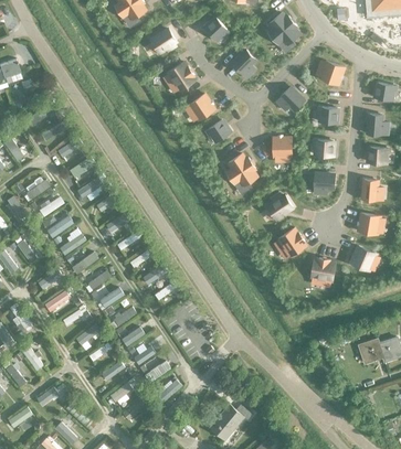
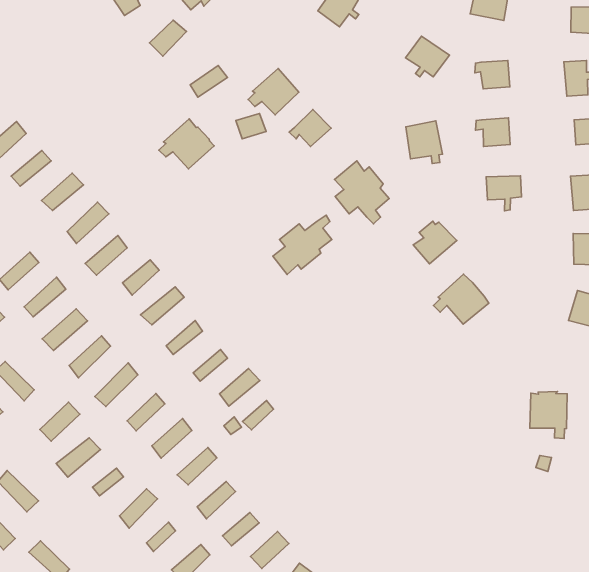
building: [163,62,196,90] -> [159,119,214,169]
building: none -> [273,215,332,274]
building: [310,258,335,287] -> [530,391,567,438]

